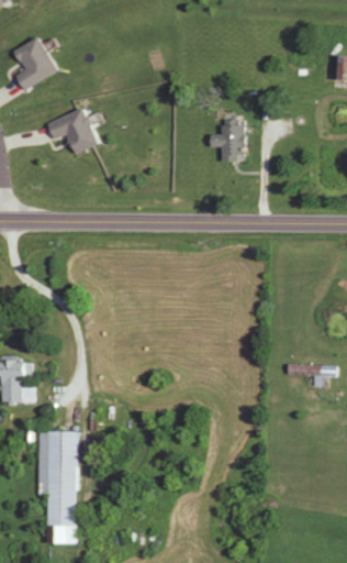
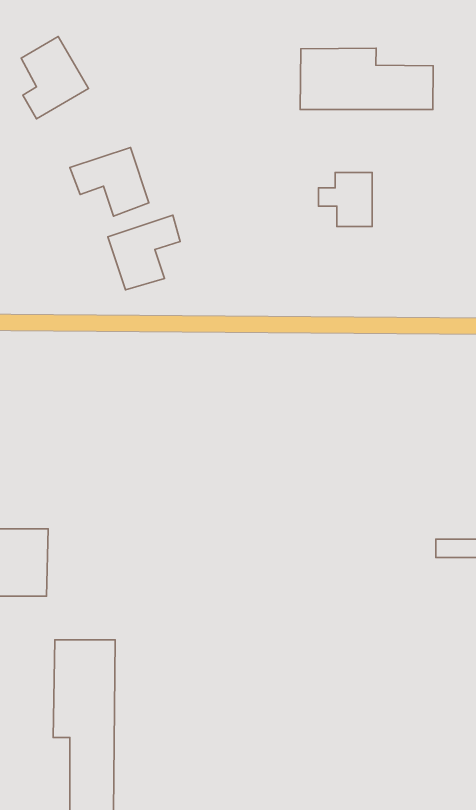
building: none -> [300,48,433,109]
building: none -> [108,215,180,290]

